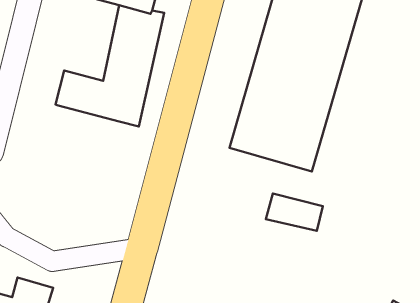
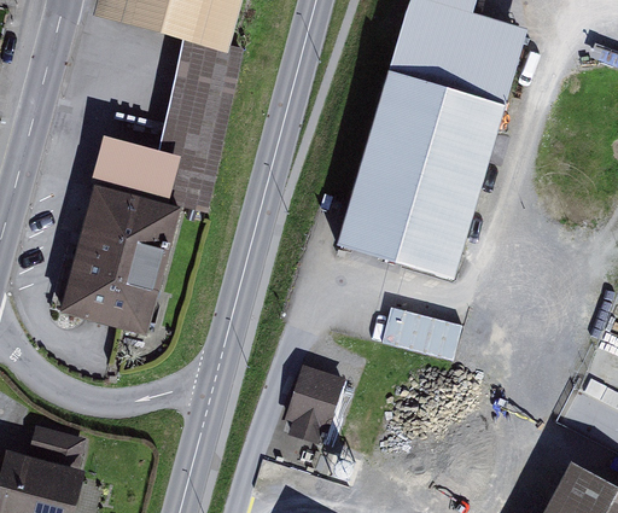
building: none -> [60,182,181,333]
building: none -> [285,367,345,445]

